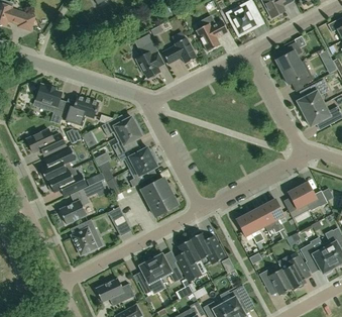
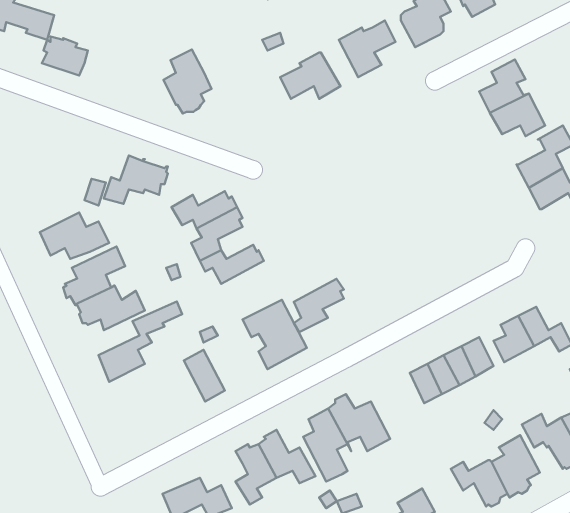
building: [136,41,163,78] -> [163,50,211,114]
building: [35,84,62,106] -> [42,36,88,76]
building: [129,155,157,186] -> [294,279,344,332]
building: [71,219,97,255] -> none

